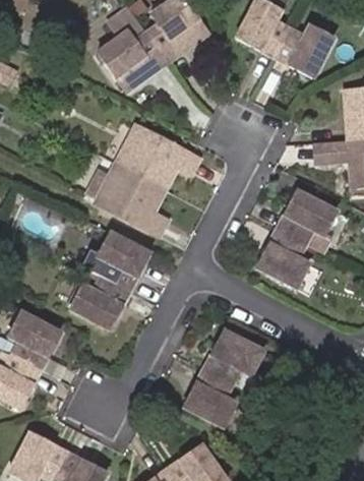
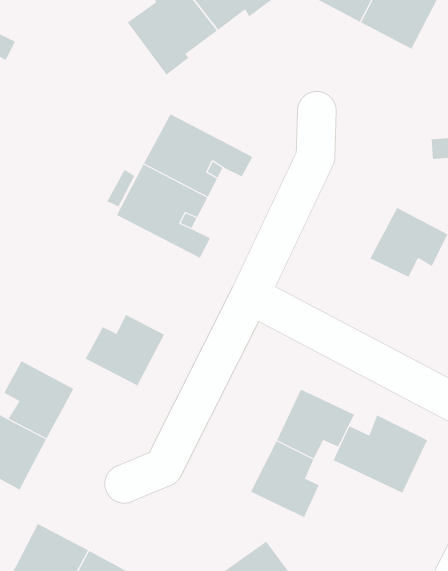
building: [95,233,146,290] -> none
building: [261,233,313,291] -> none
building: none -> [333,415,428,494]

